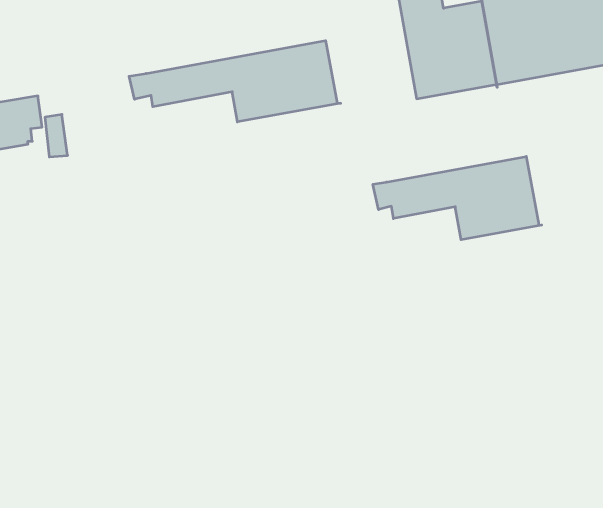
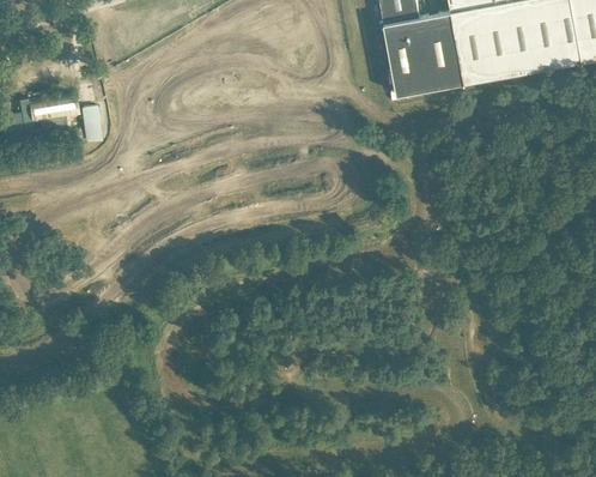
building: [129,41,341,122] -> none
building: [373,156,542,240] -> none

